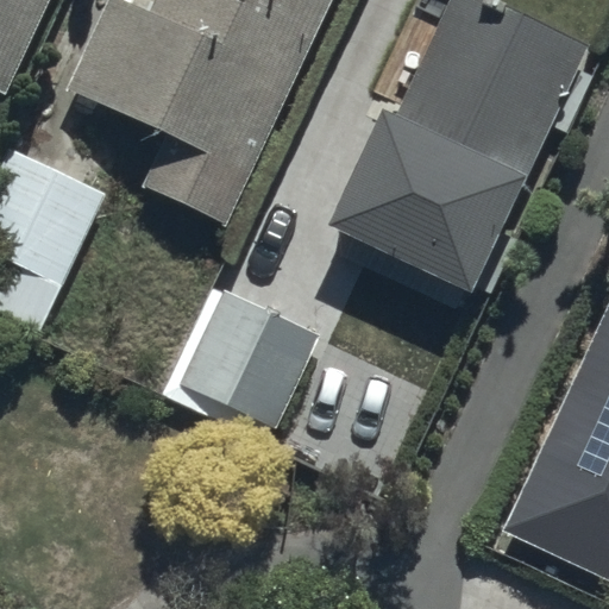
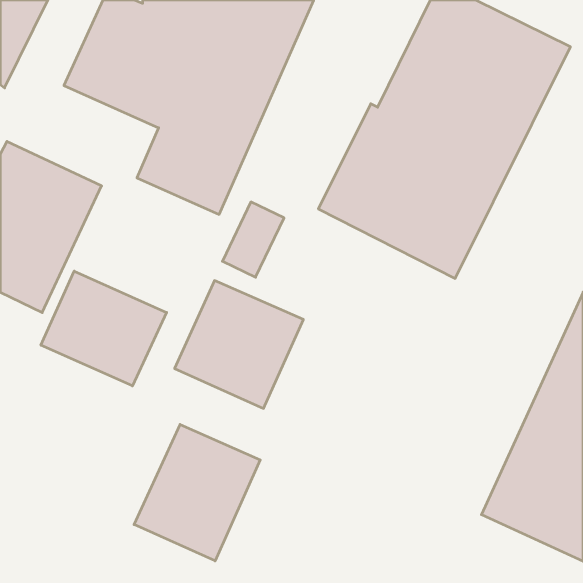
building: none -> [41,271,167,386]
building: none -> [134,424,260,561]

